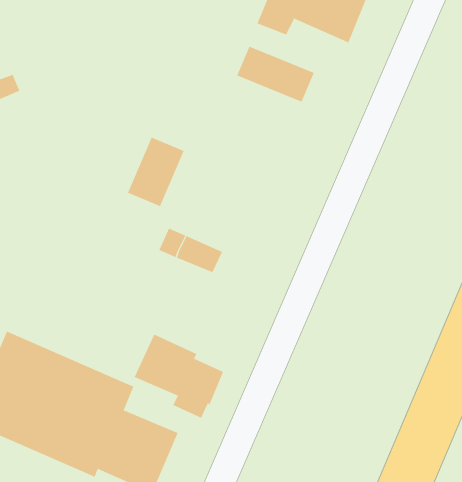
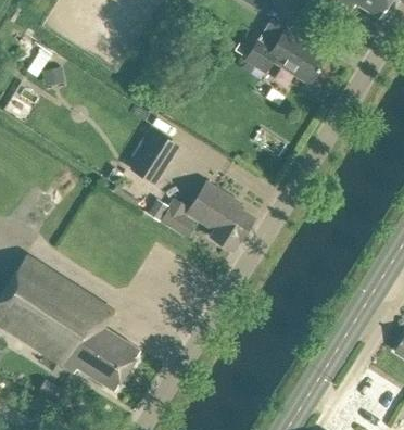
building: [236,46,315,103] -> none
building: [134,334,224,419] -> [187,182,253,250]

